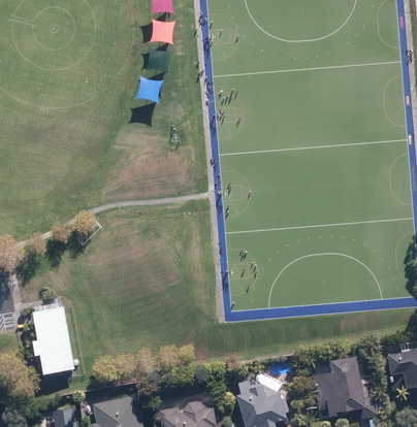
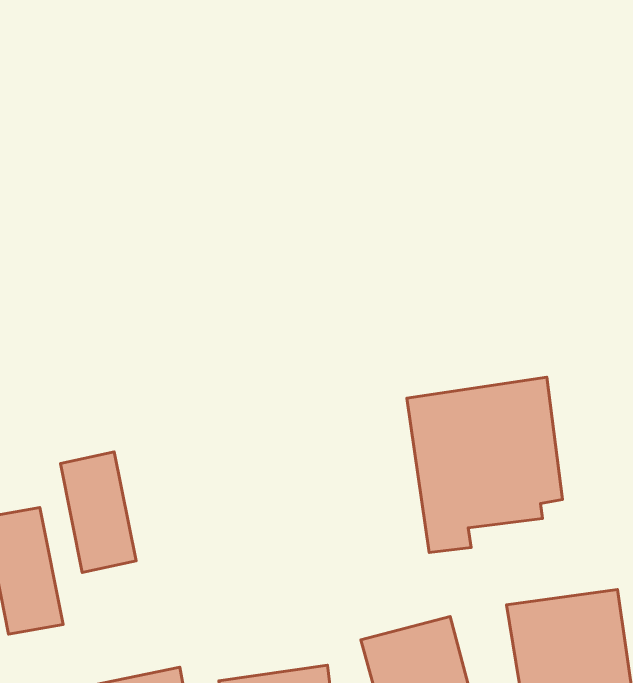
building: none -> [407,377,562,552]
building: none -> [60,452,136,573]

